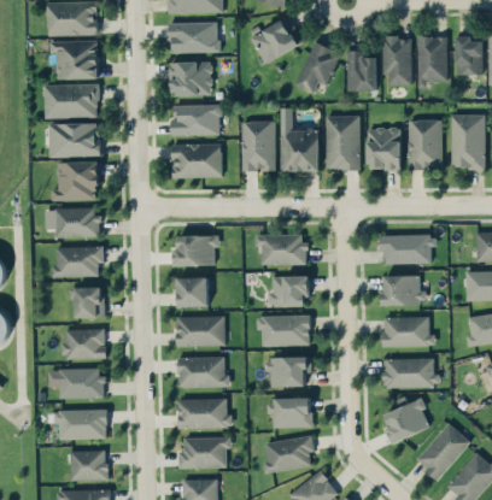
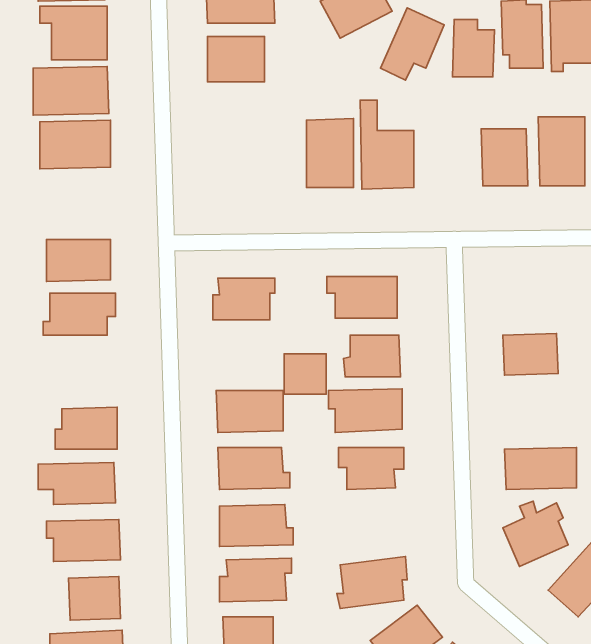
building: [171,104,221,135] -> none
building: [326,114,359,169] -> none
building: [171,143,222,177] -> none
building: [52,160,99,200] -> none
building: [381,234,434,264] -> none
building: [177,277,207,306] -> [284,354,326,394]
building: [69,287,104,318] -> none
building: [382,316,434,346] -> none
building: [266,398,312,428] -> none

